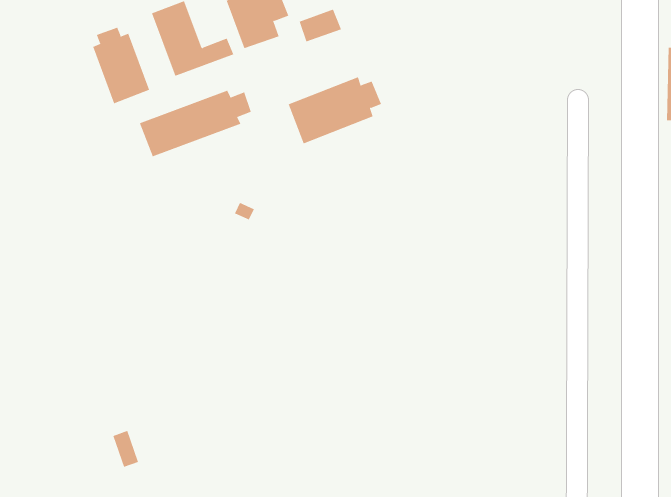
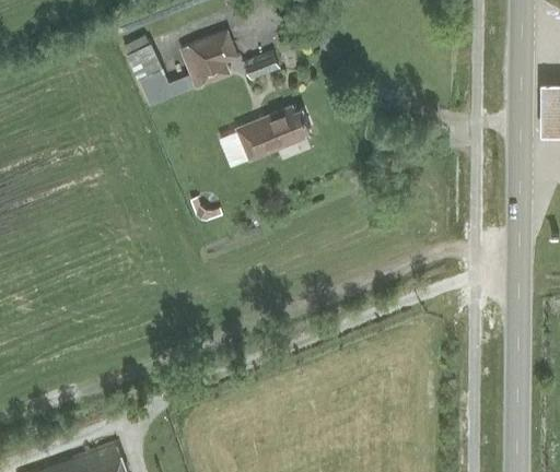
building: [92,27,150,104] -> none
building: [139,90,252,157] -> none

